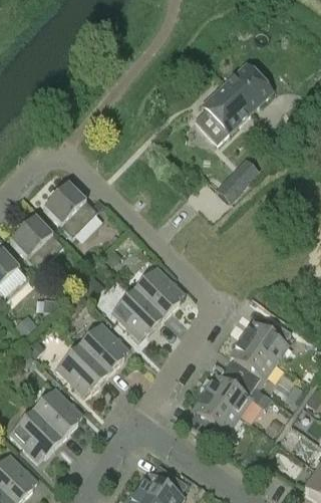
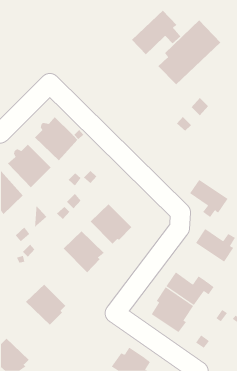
building: none -> [131,10,181,55]
building: [133,266,184,318] -> none
building: [228,337,276,385] -> [189,179,228,218]
building: [55,344,107,396] -> none
building: [9,410,61,461] -> none

